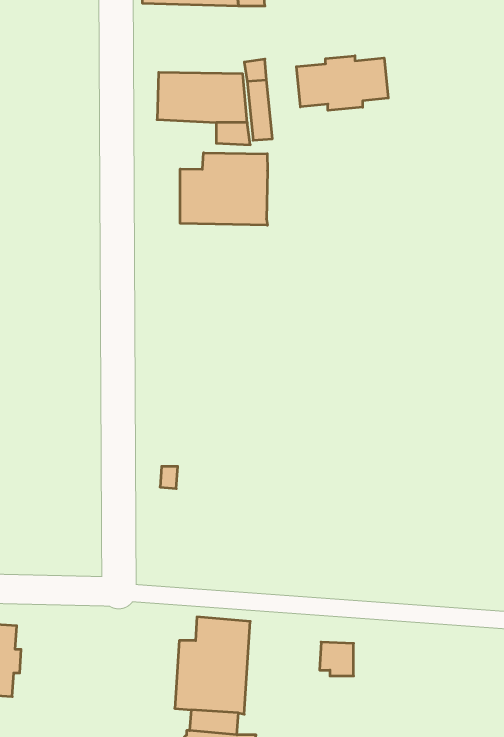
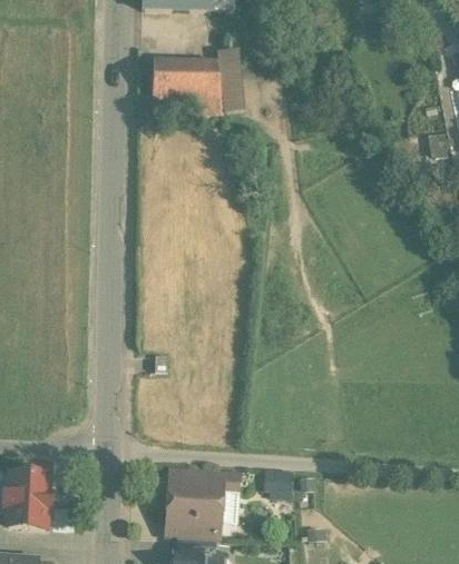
building: [296,56,388,110] -> none
building: [180,153,267,225] -> none

